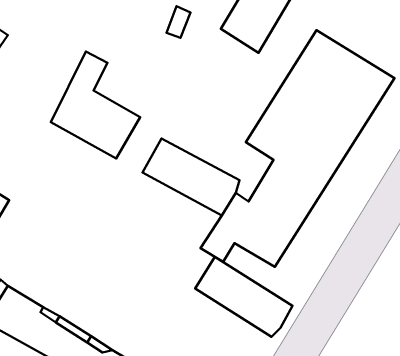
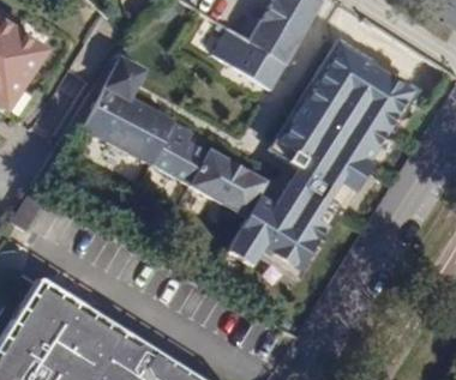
building: none -> [216,28,284,89]
building: none -> [149,125,196,177]
building: [195,257,293,337] -> none

